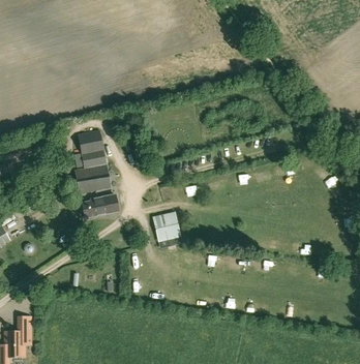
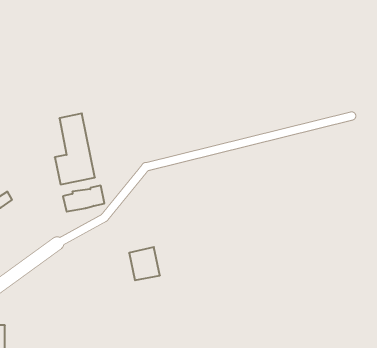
building: [153,212,180,241] -> [129,247,160,280]

